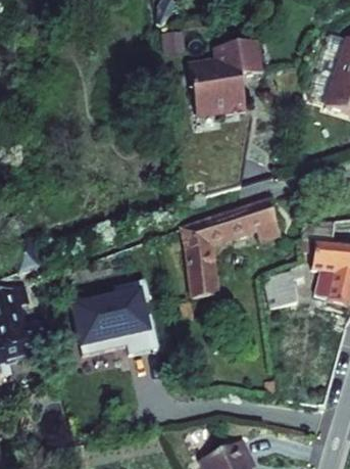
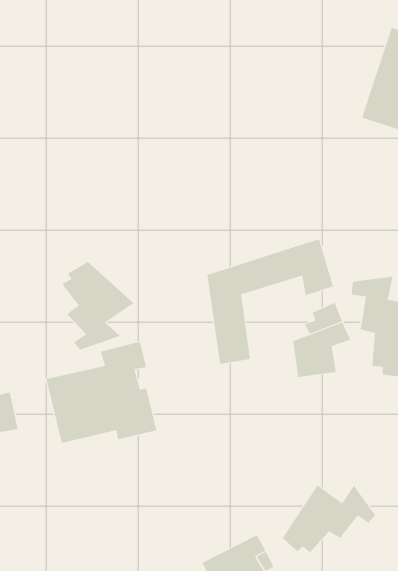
building: [204,41,279,115] -> none
building: none -> [61,261,135,351]
building: none -> [282,484,376,553]

